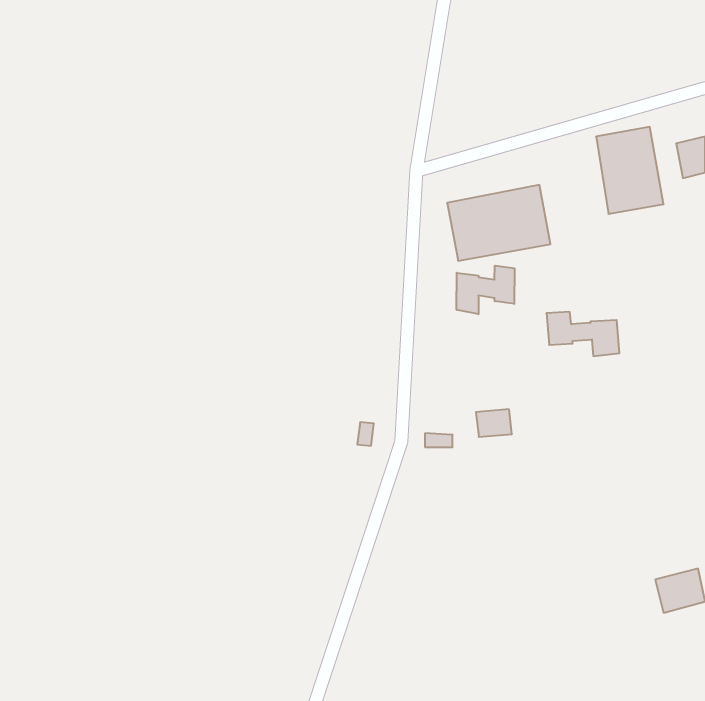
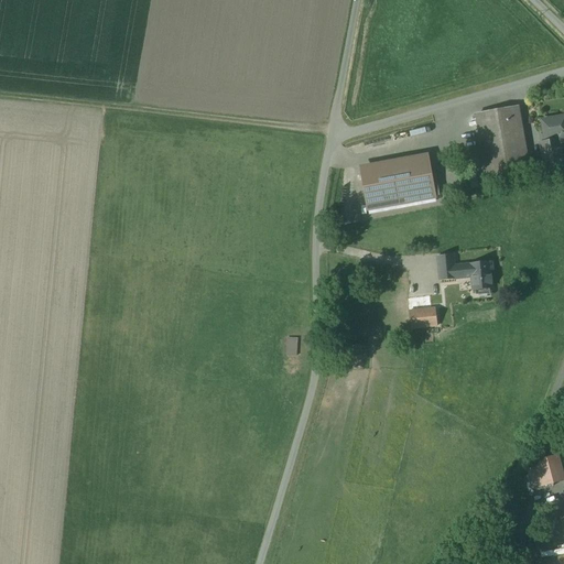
building: [457,266,514,314] -> none
building: [476,409,512,437] -> [410,304,438,326]

